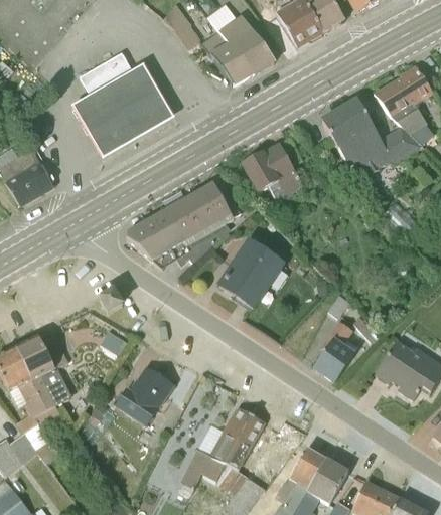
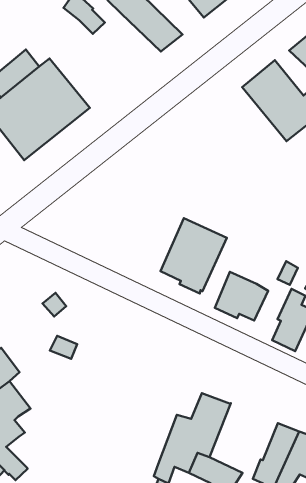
building: [202,31,251,84] -> none
building: [243,137,305,202] -> none
building: [127,182,234,267] -> none
building: none -> [215,272,268,320]
building: [115,367,173,425] -> none

